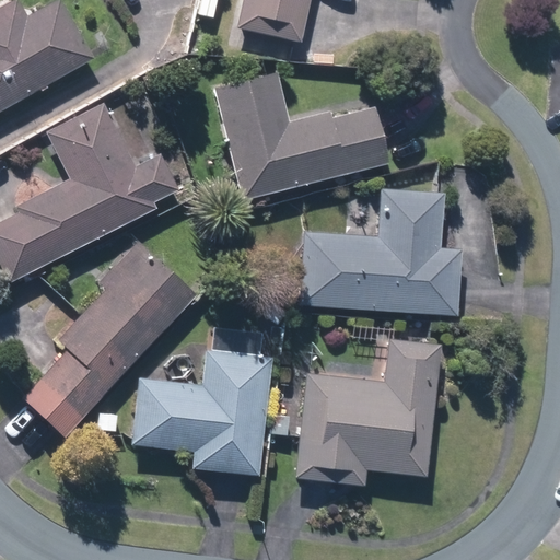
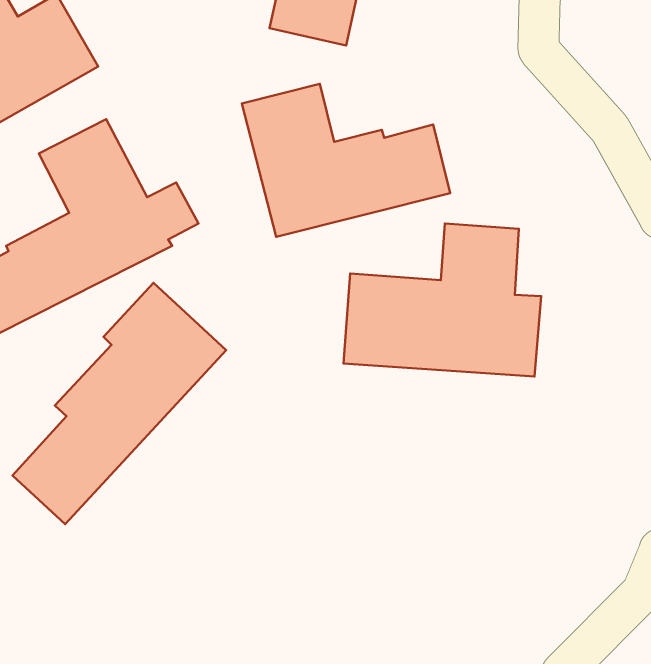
building: [296,337,441,483] -> none
building: [131,349,273,474] -> none

